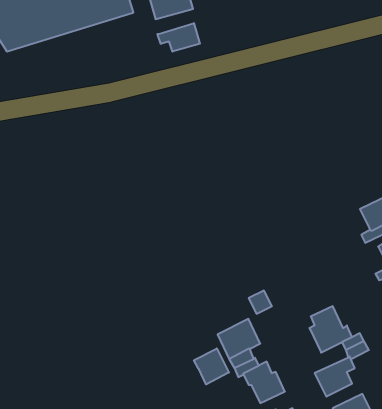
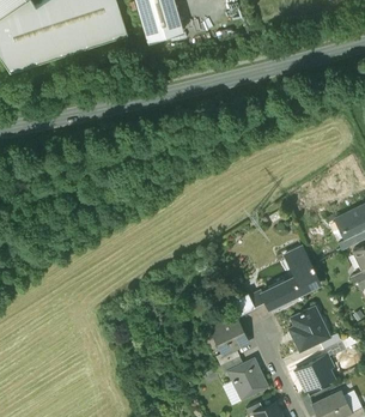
building: [157,23,200,52] -> none
building: none -> [263,249,320,310]
building: [194,348,229,384] -> none

